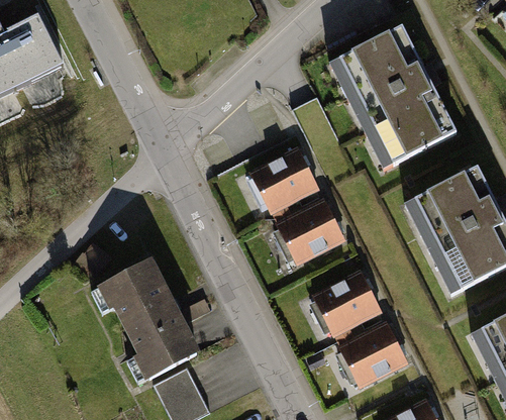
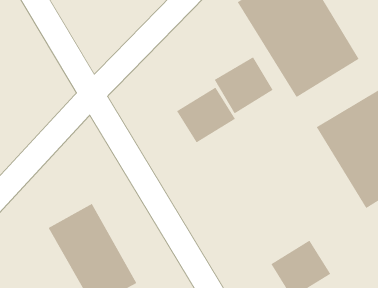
building: [280,202,343,262] -> [214,57,274,114]
building: [316,275,380,335] -> none

